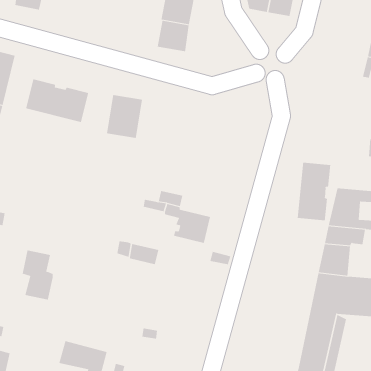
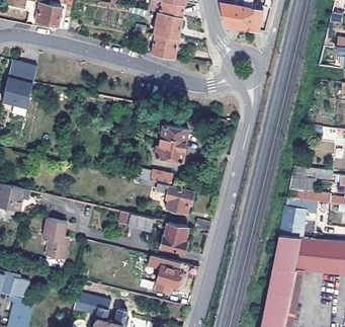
building: [25,79,89,123] -> none
building: [106,94,143,139] -> [158,126,187,161]
building: [297,162,331,221] -> none
building: none -> [161,222,187,252]
building: none -> [148,256,198,293]

